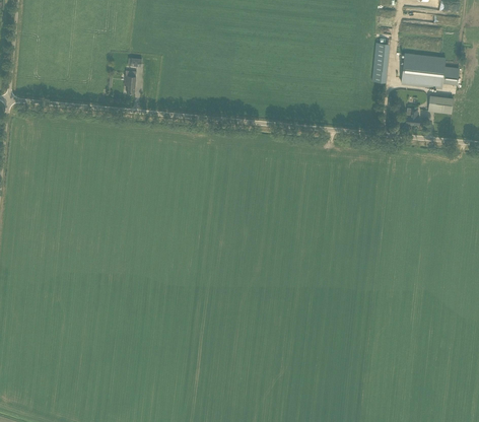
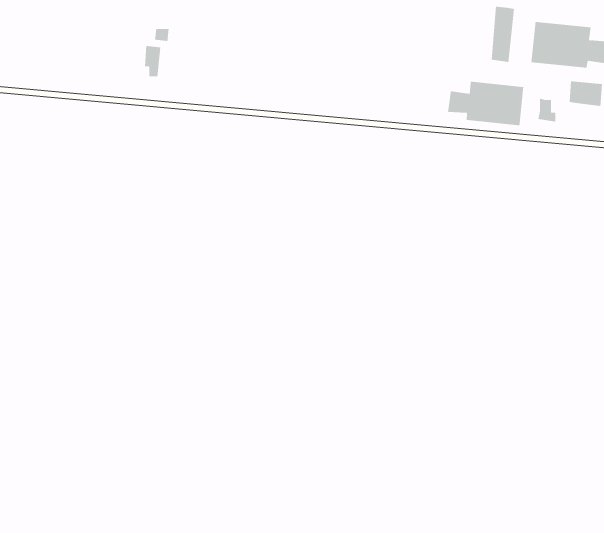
building: none -> [448,81,524,126]

